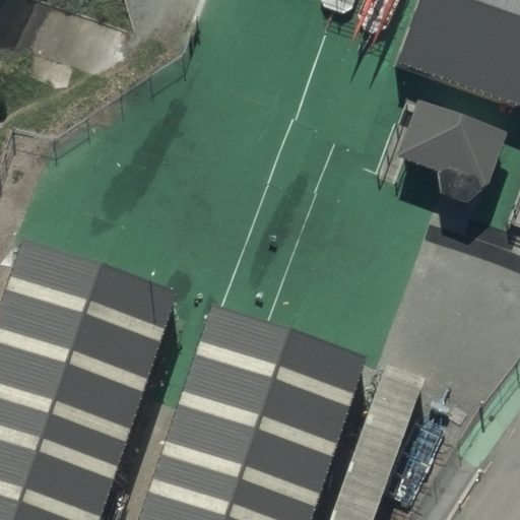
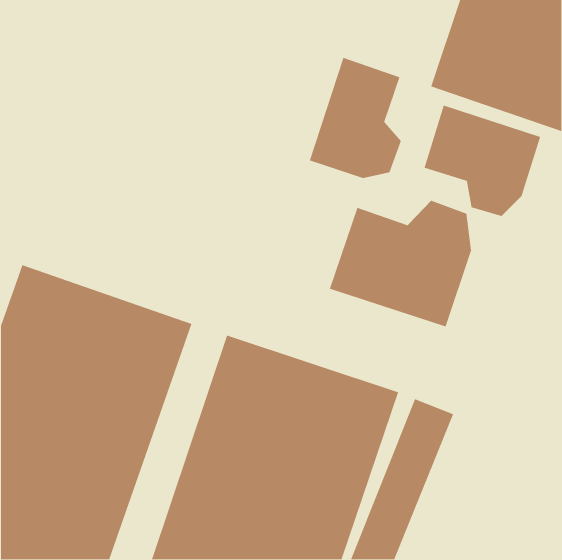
building: none -> [309,57,402,179]
building: none -> [329,200,472,327]

